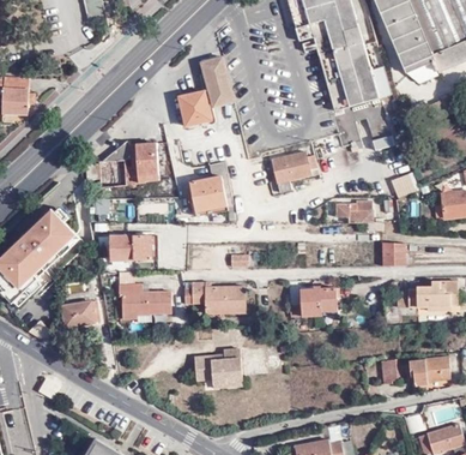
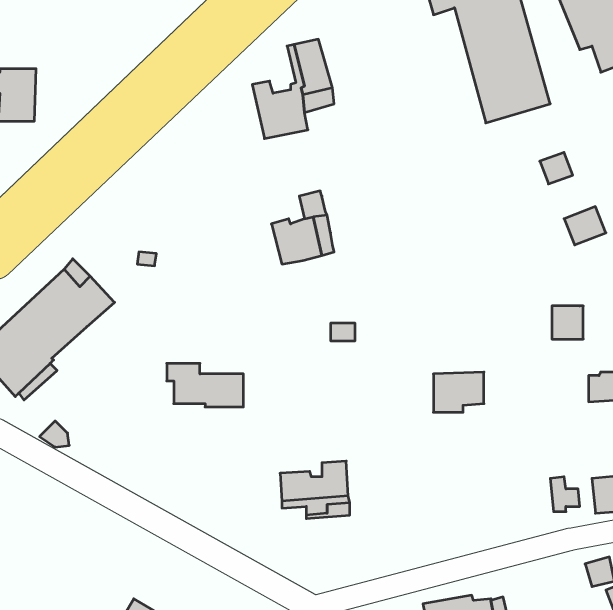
building: [85,142,158,188] -> none
building: [270,151,315,194] -> none
building: [335,202,371,223] -> none
building: [110,238,151,263] -> none
building: [184,280,244,311] -> none
building: [61,301,95,327] -> none

